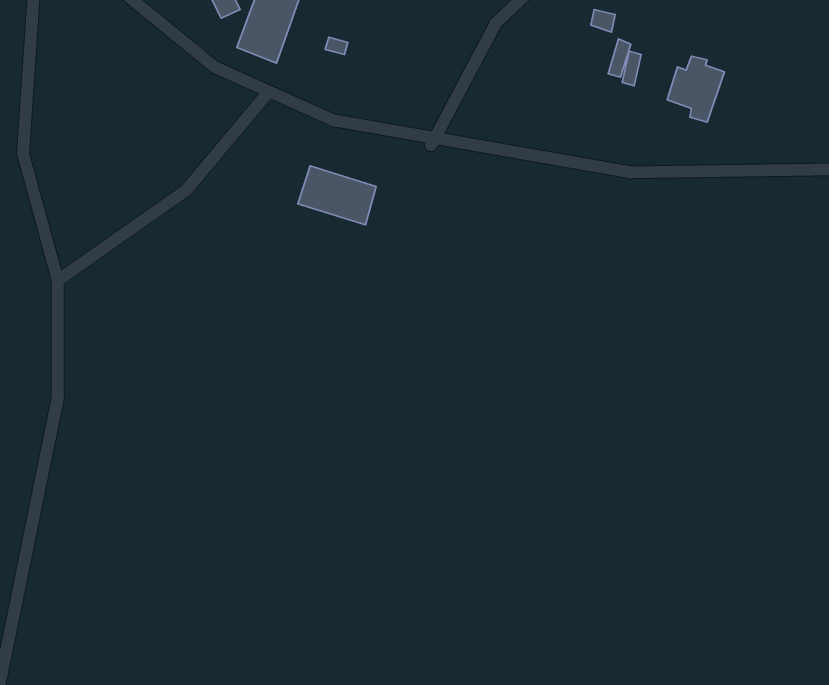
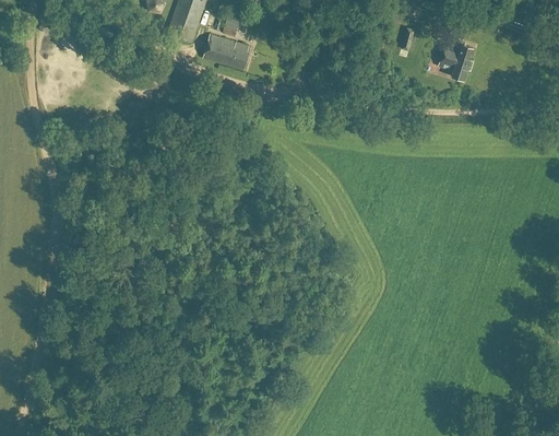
building: [298,166,376,225] -> [201,33,250,70]

